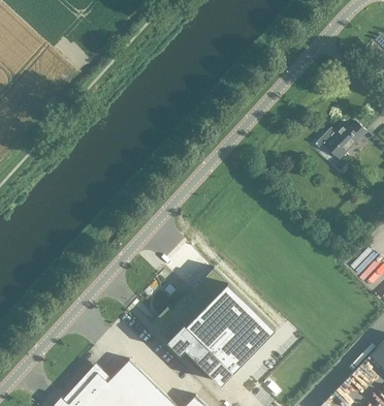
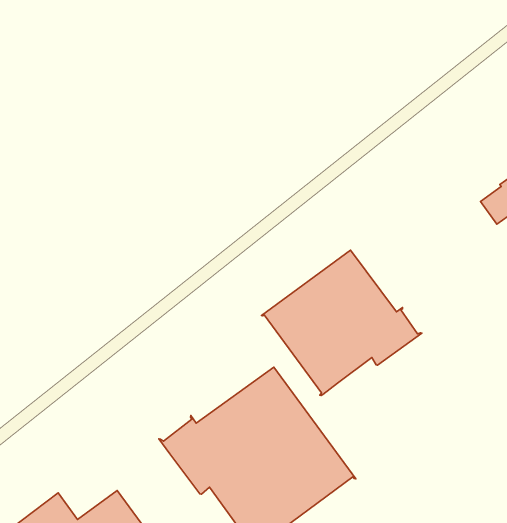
building: none -> [262,250,422,395]

